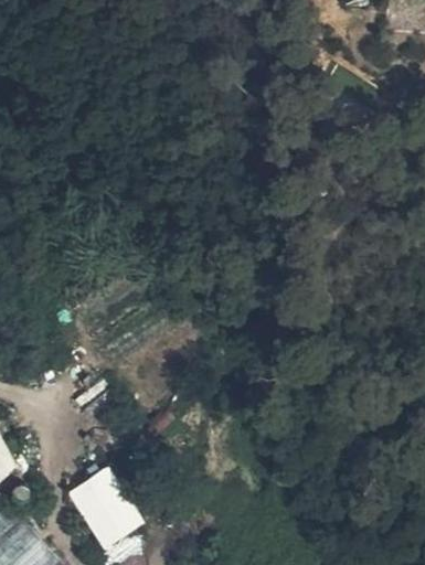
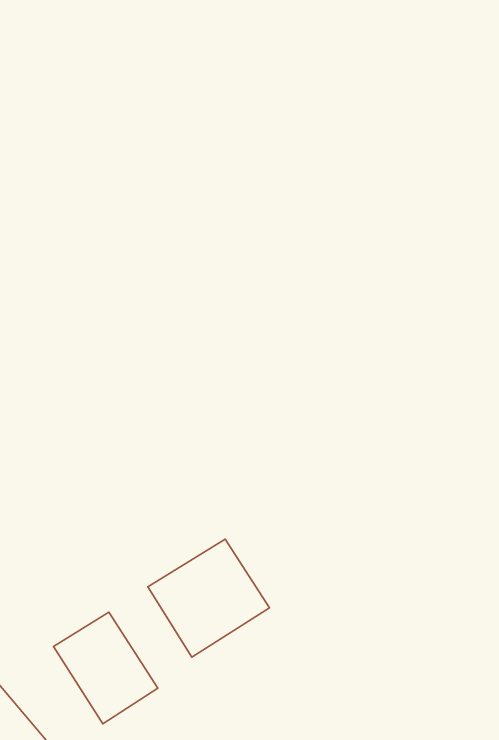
building: none -> [148,539,269,657]

